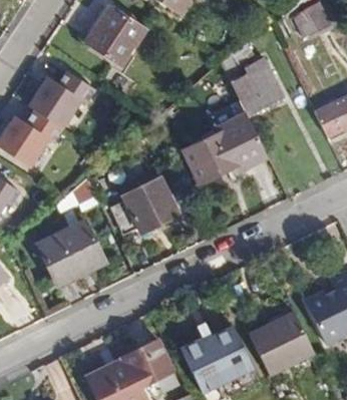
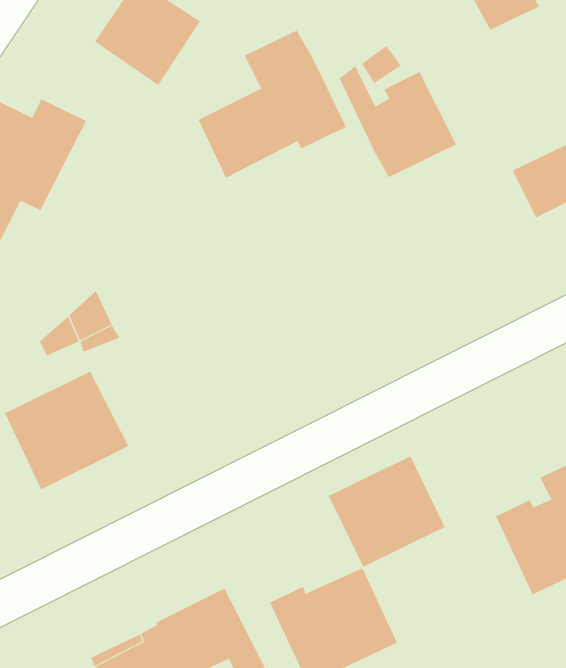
building: [186,102,267,183] -> [198,30,347,179]
building: [111,178,180,235] -> none
building: [251,314,315,375] -> [328,455,446,568]

